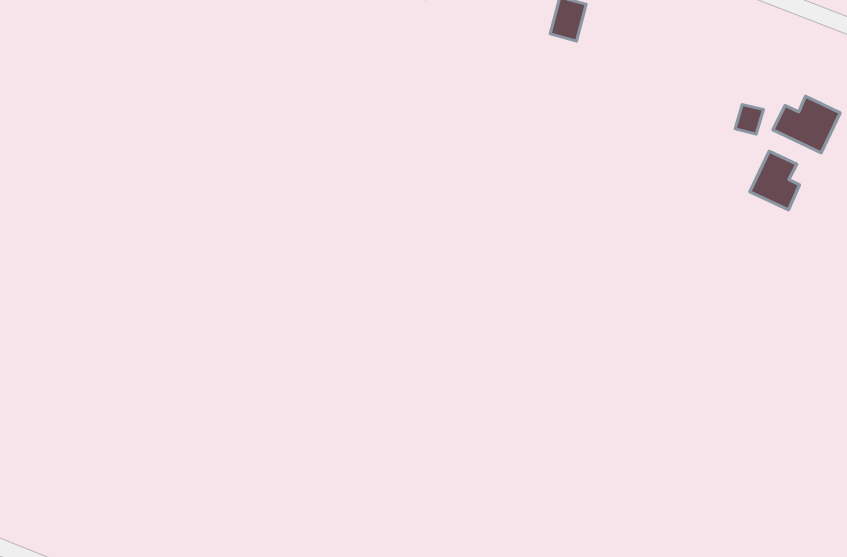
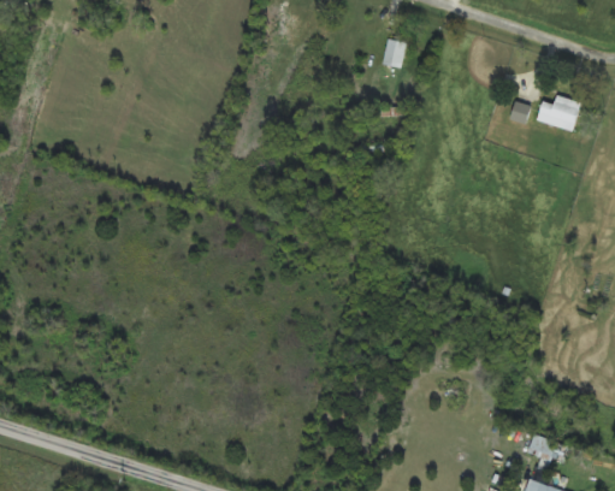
building: [750,151,800,210] -> none

